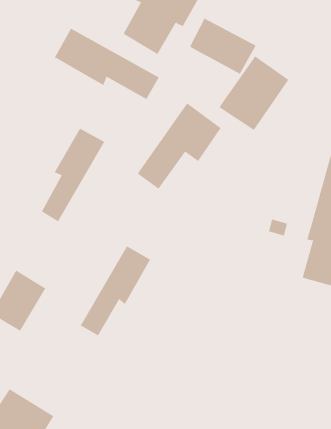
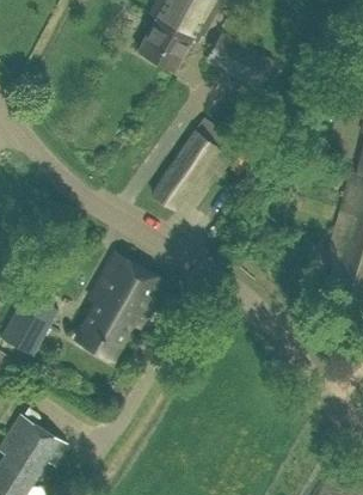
building: [54,28,159,100] -> none
building: [219,56,289,131] -> none
building: [41,128,105,222] -> [76,252,142,349]

